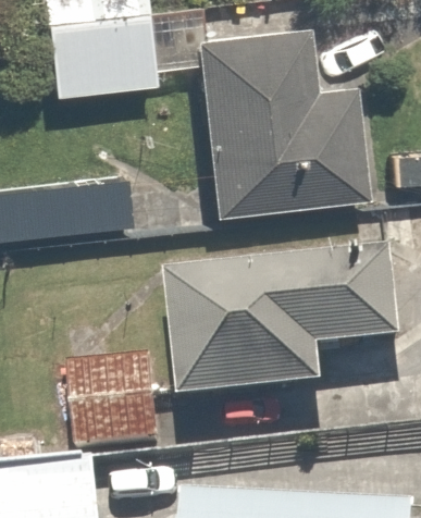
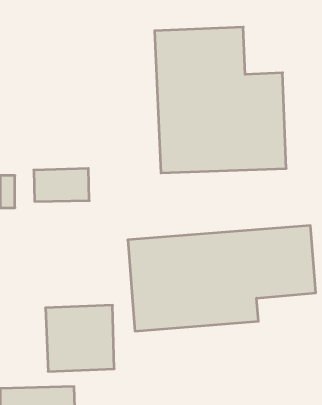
building: [48,11,159,101] -> none

